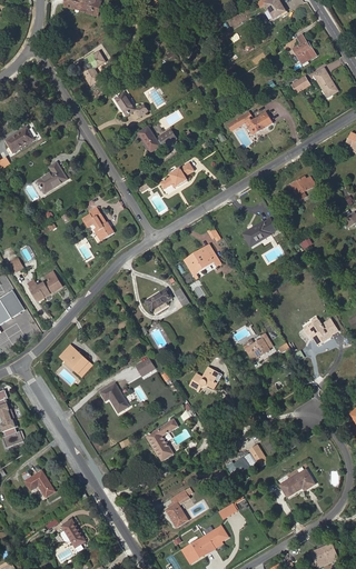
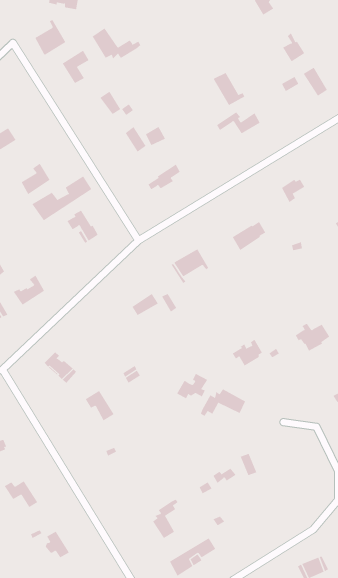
building: none -> [35,19,66,56]
building: none -> [92,27,141,59]
building: none -> [213,72,245,106]
building: none -> [32,176,92,221]
building: none -> [200,388,246,417]
building: [146,419,177,460] -> none
building: [279,469,314,496] -> none

